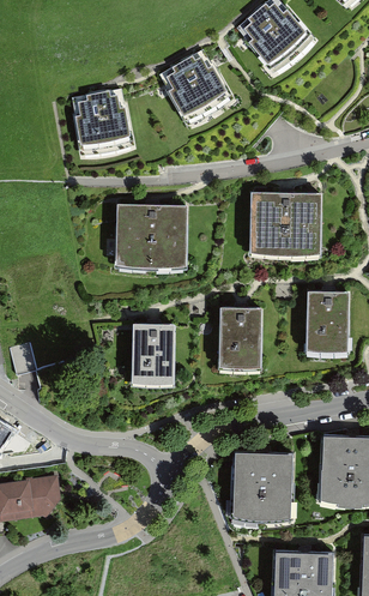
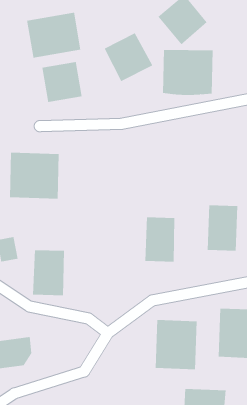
building: none -> [27,12,81,59]
building: [249,187,321,252] -> [162,49,213,96]
building: [115,204,186,270] -> [9,152,59,199]
building: [131,324,176,389] -> [32,250,65,296]

